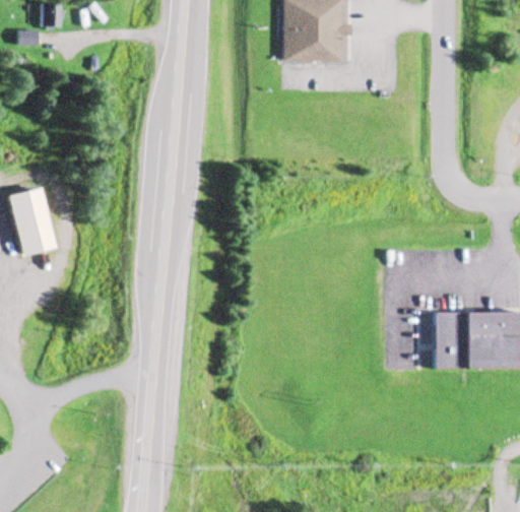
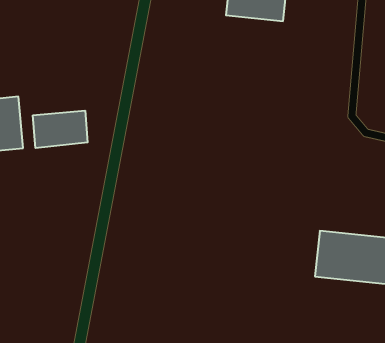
building: none -> [33,111,88,148]

